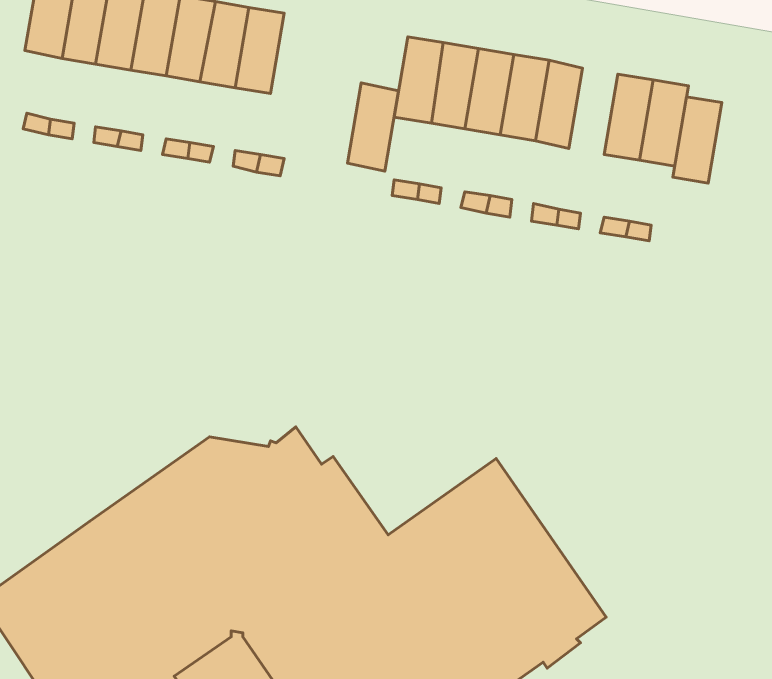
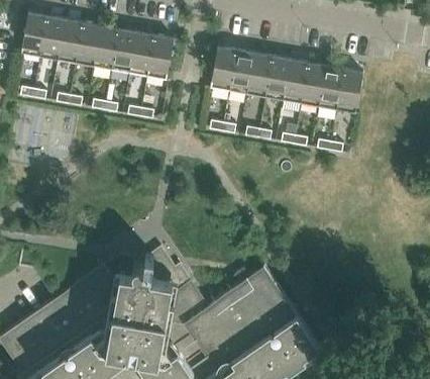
building: [348,83,399,171] -> [148,34,175,80]
building: [673,97,722,183] -> [302,63,327,107]

